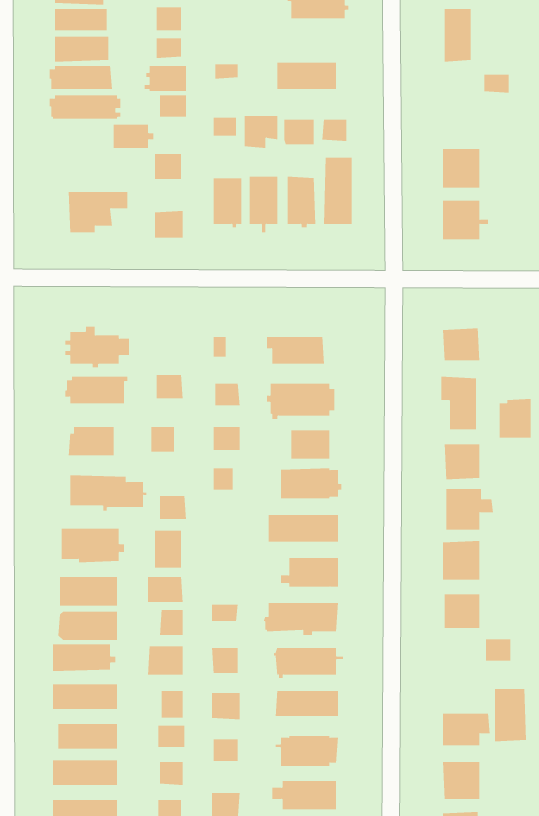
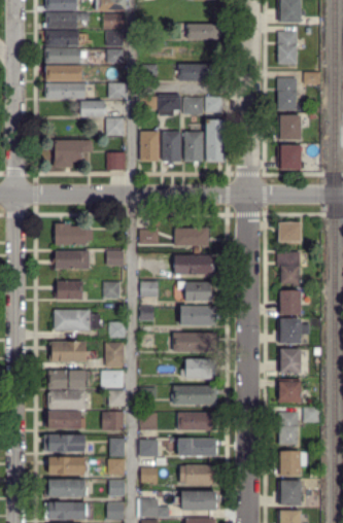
building: none -> [278,78,297,110]
building: [499,398,531,438] -> none
building: [494,688,527,742] -> [278,413,298,445]

